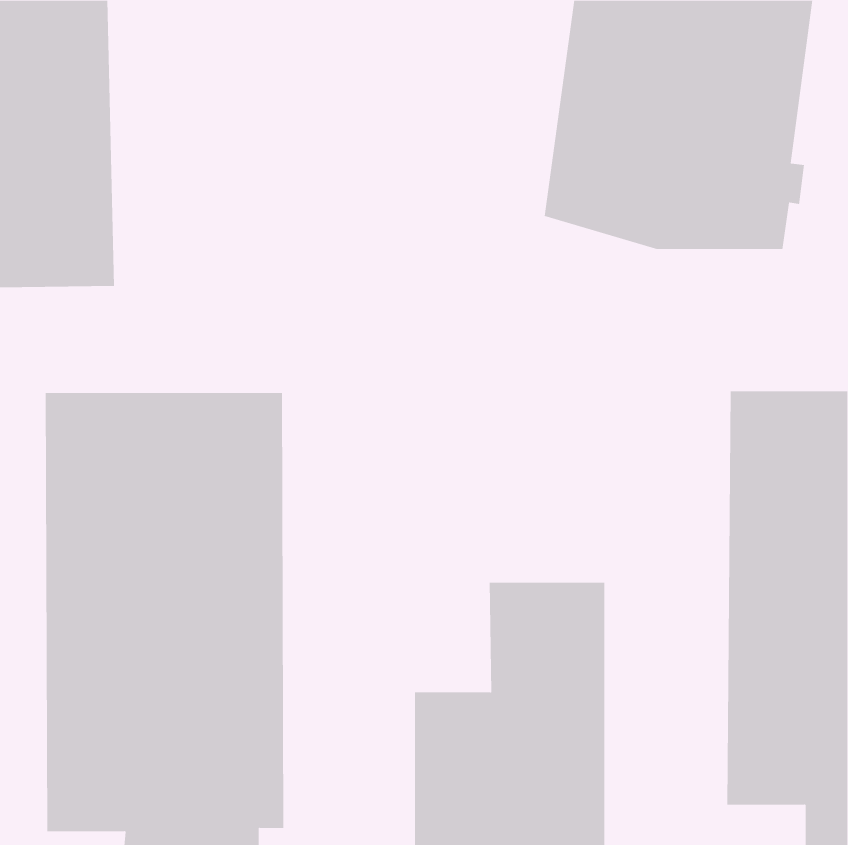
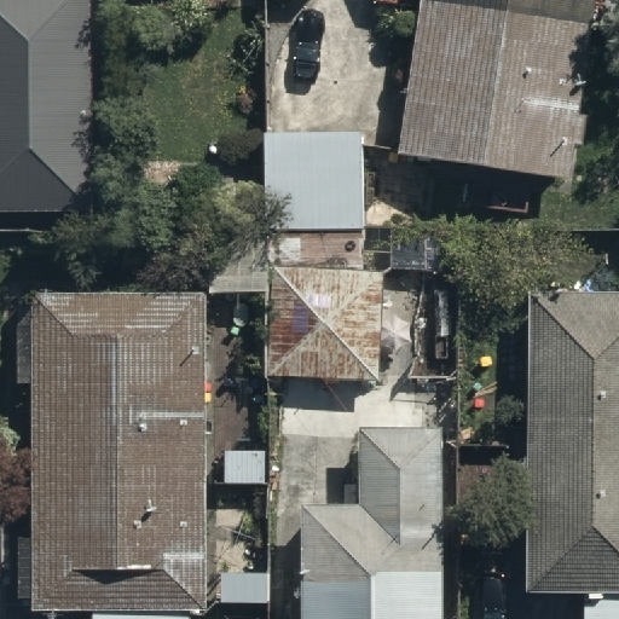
building: none -> [262,133,364,227]
building: none -> [273,267,376,374]

